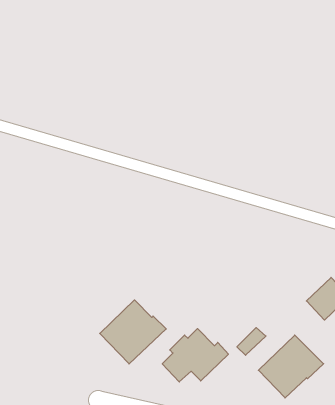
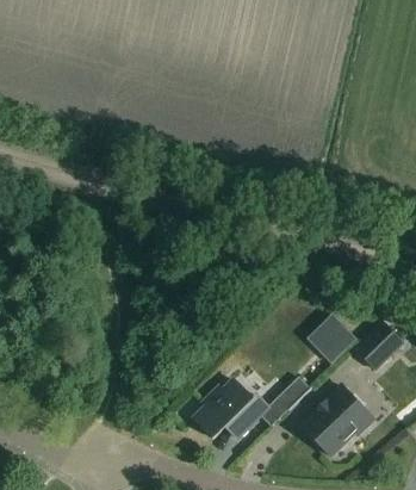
building: none -> [319,315,358,364]
building: [100,300,166,364] -> none

